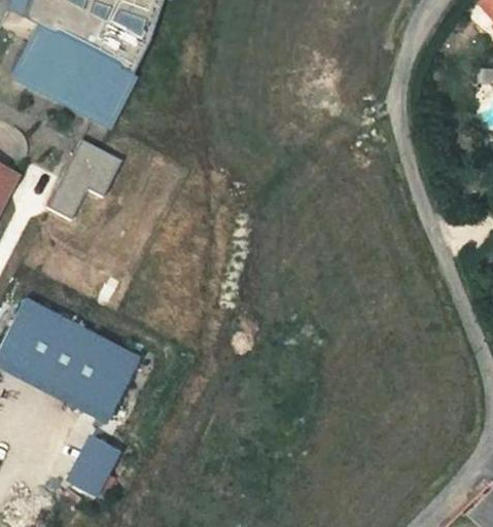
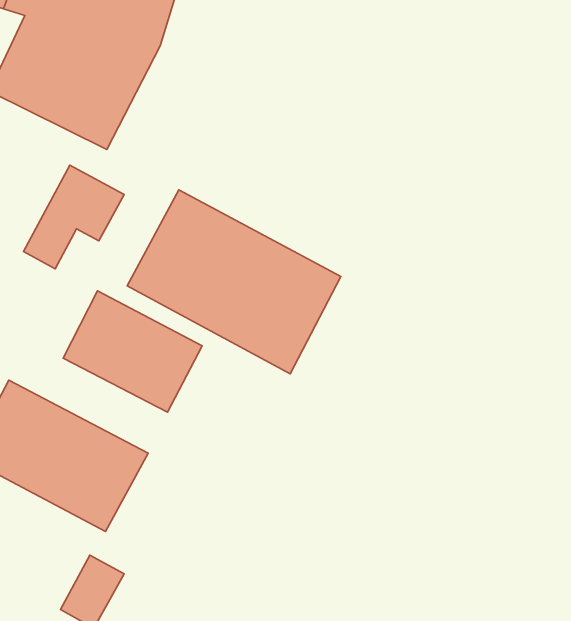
building: none -> [127,190,341,374]
building: none -> [63,291,202,412]

